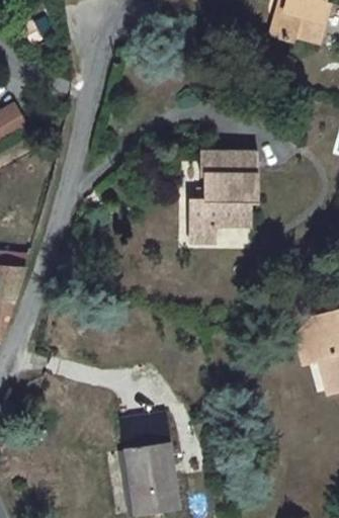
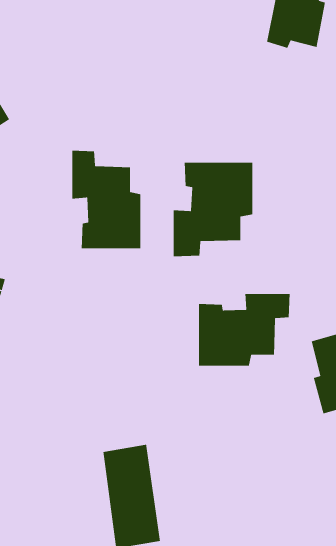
building: none -> [71,150,141,249]
building: none -> [198,293,291,366]

